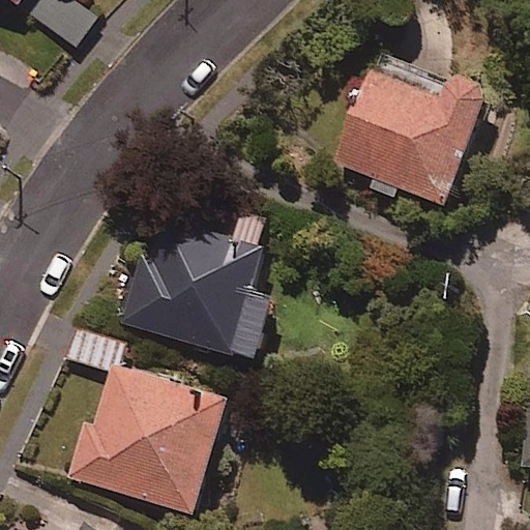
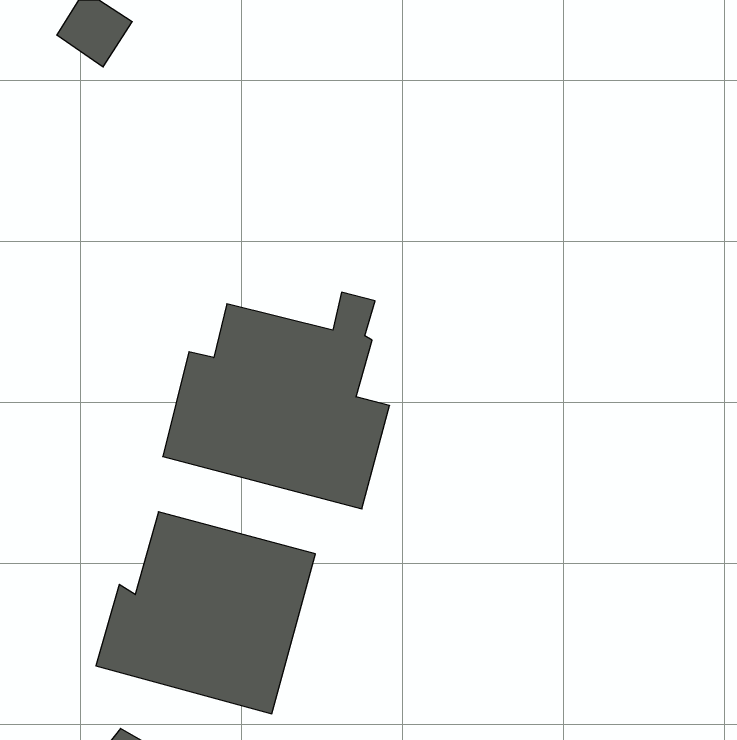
building: [329,63,488,206] -> none

